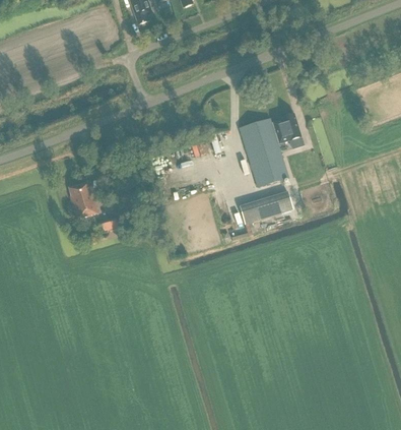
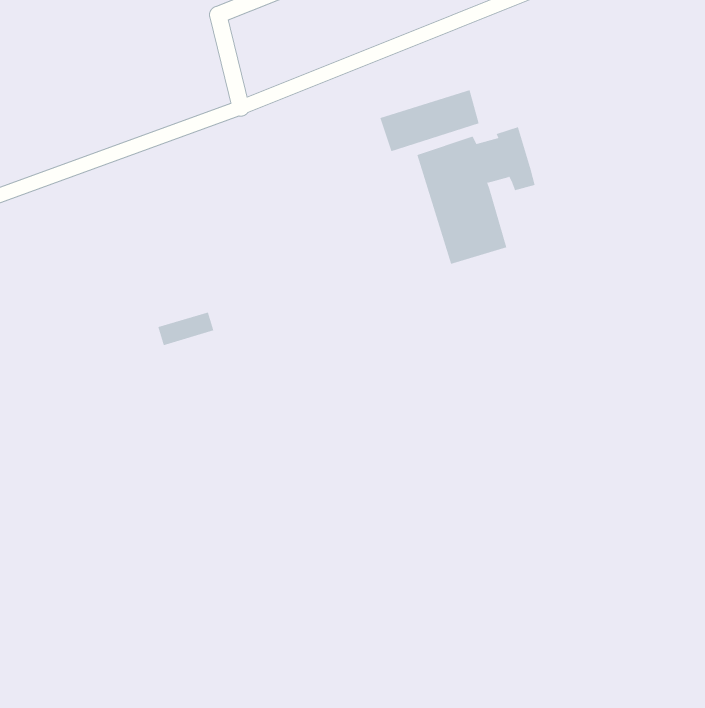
building: [68,181,97,219] -> none
building: [239,190,292,224] -> [380,89,480,152]

